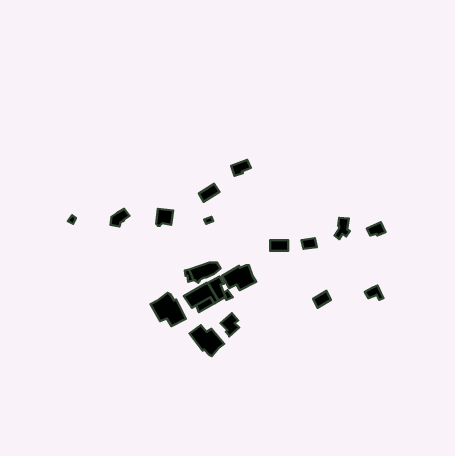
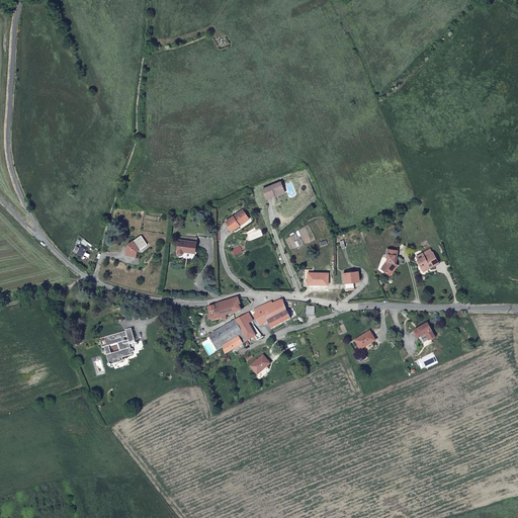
building: none -> [100,330,136,367]
building: [150,293,186,326] -> none
building: [190,325,224,356] -> none

